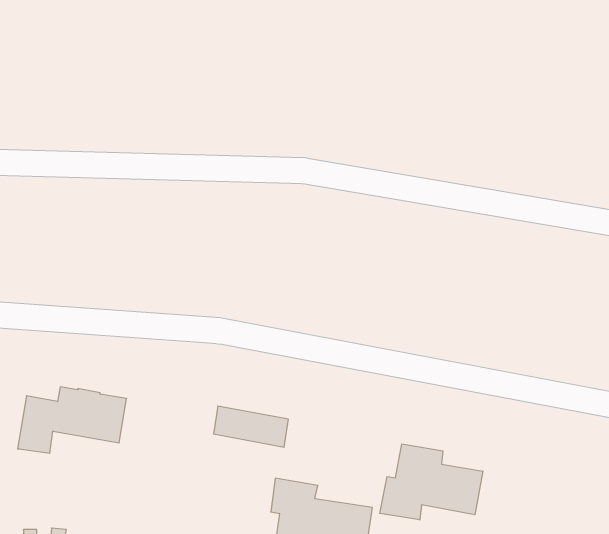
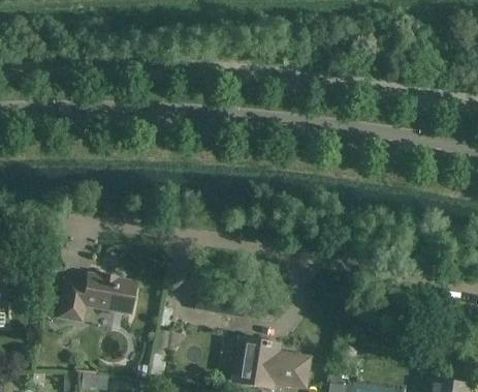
building: [380,444,483,520] -> none

